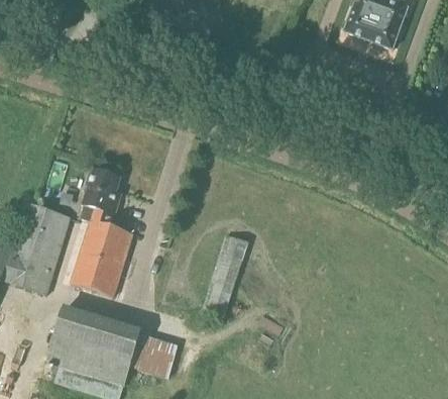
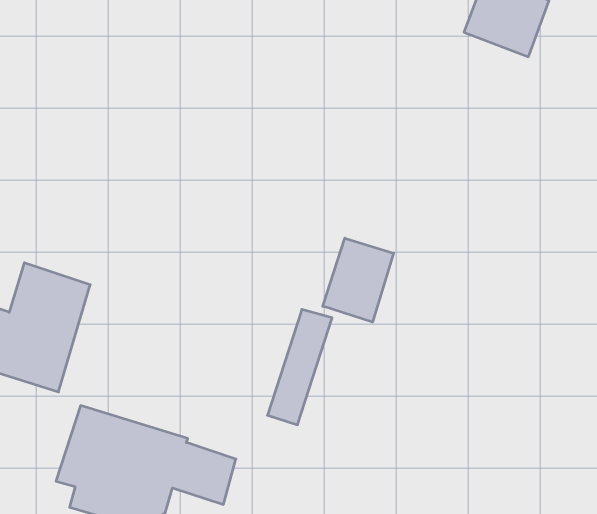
building: [70,169,134,297] -> none
building: none -> [323,238,394,322]

